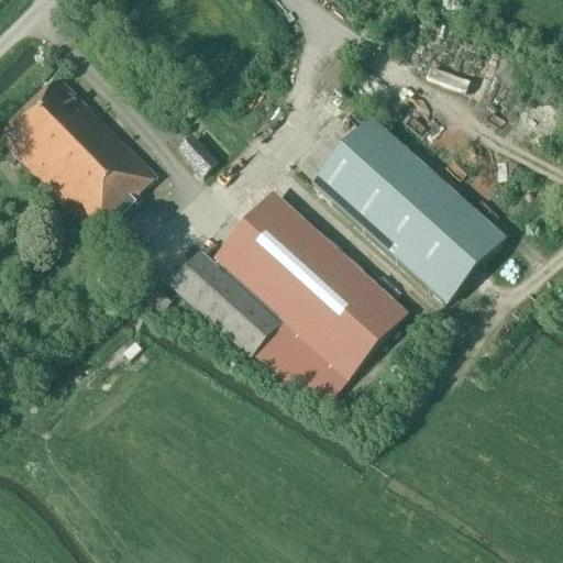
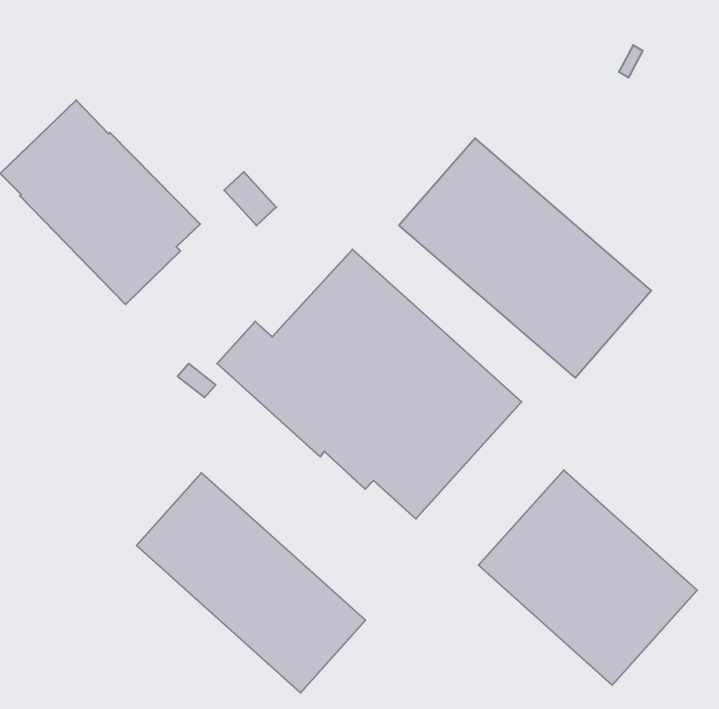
building: none -> [479,470,697,685]
building: none -> [137,473,365,693]

